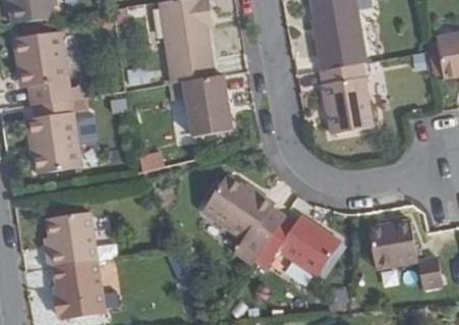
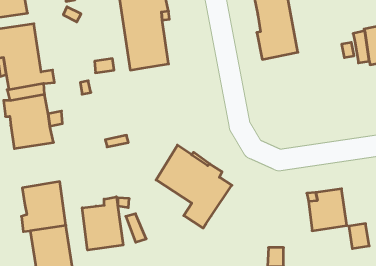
building: [320,62,376,129] -> none
building: [182,74,231,138] -> none
building: [255,213,341,276] -> none
building: none -> [82,197,123,250]

